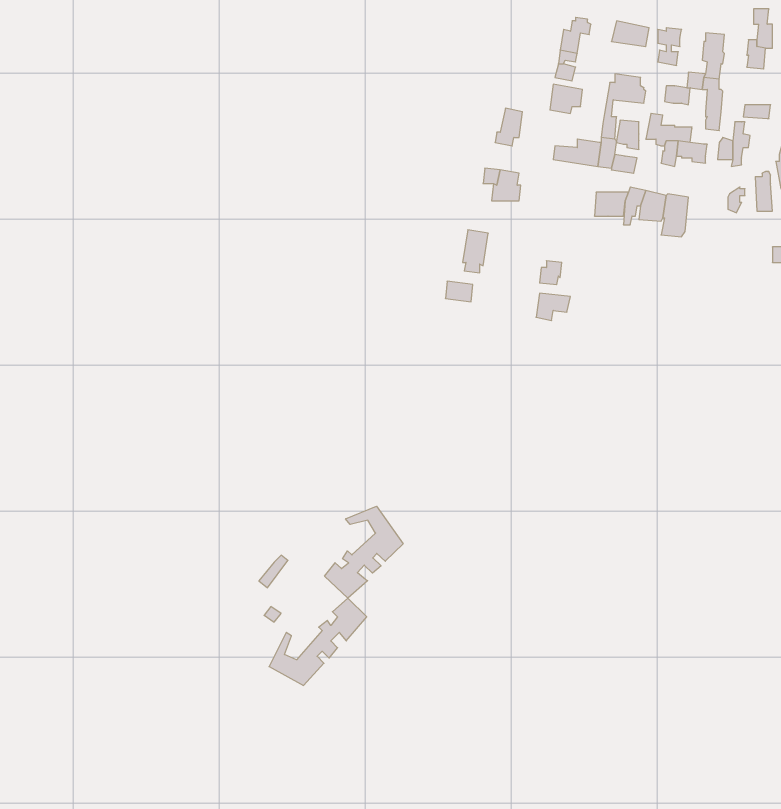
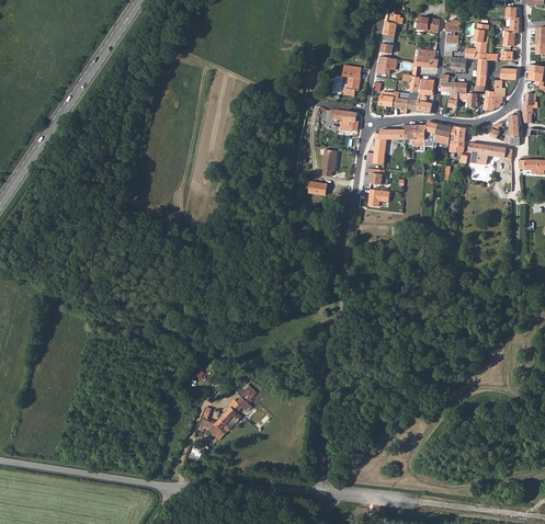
building: none -> [372,125,406,164]
building: none -> [468,143,511,166]
building: [325,506,403,598] -> none

